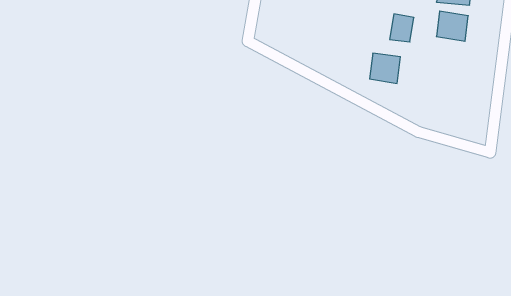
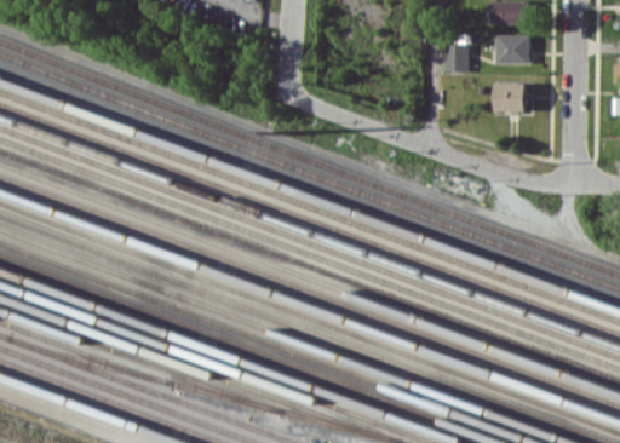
building: [370,53,400,83] -> [494,82,526,113]

